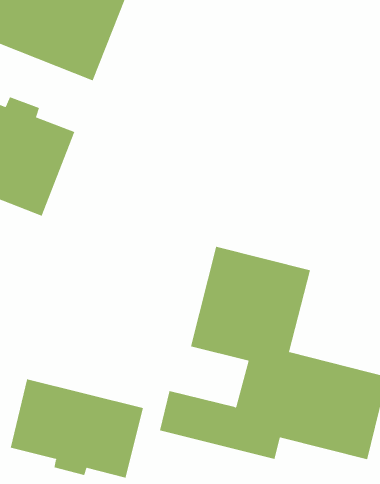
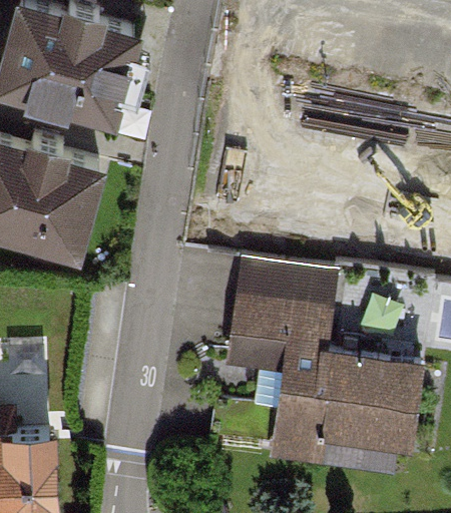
building: [10,379,144,479] -> none

